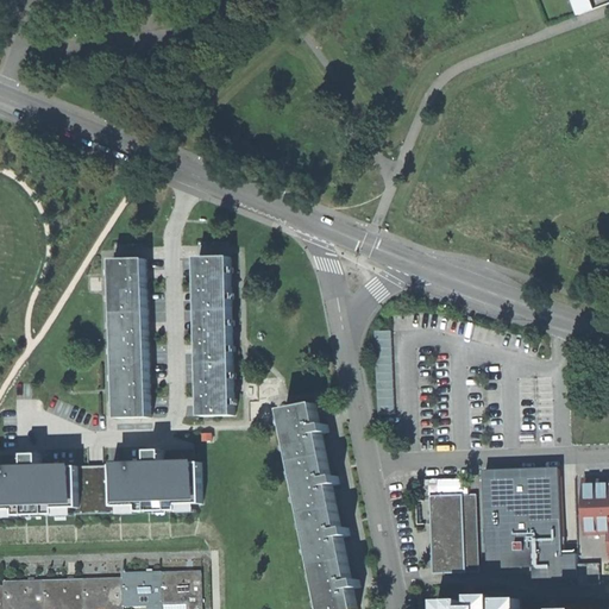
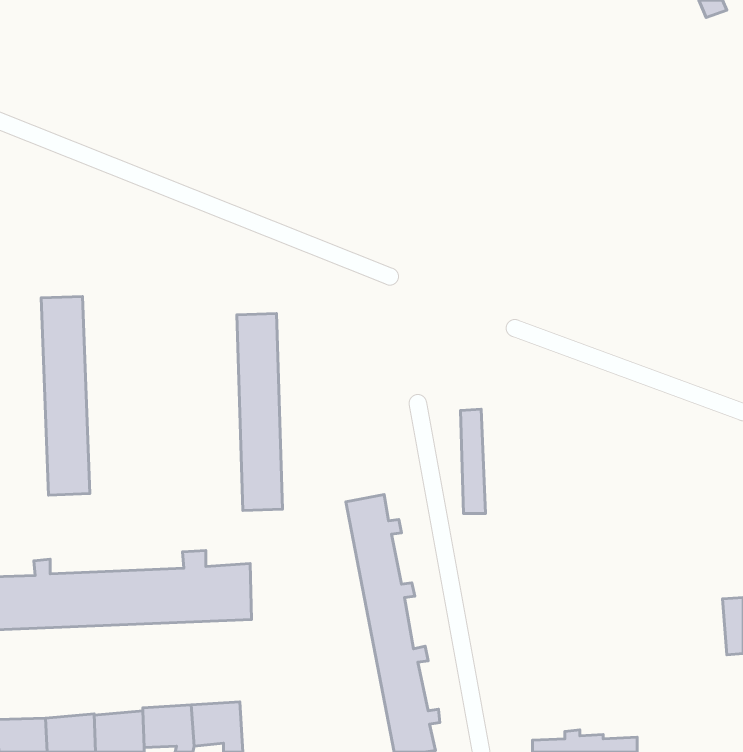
building: [107,256,146,416] -> [41,296,90,495]
building: [479,470,572,580] -> none
building: [427,494,475,570] -> none

